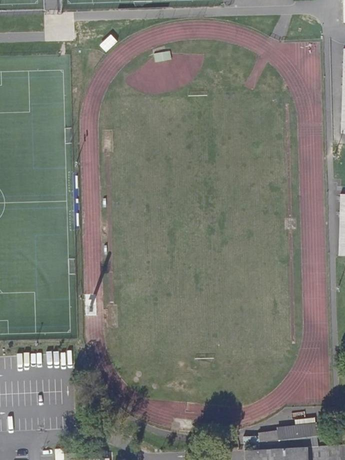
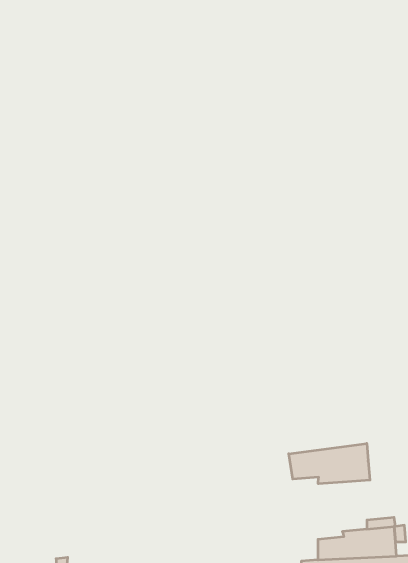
building: none -> [289,443,370,484]

